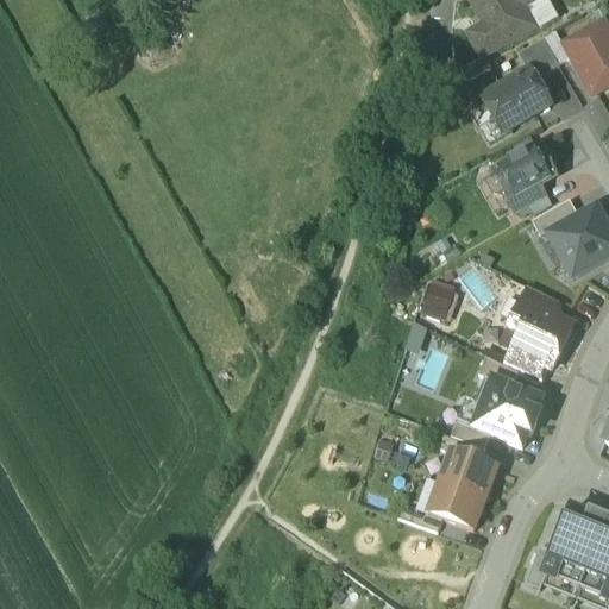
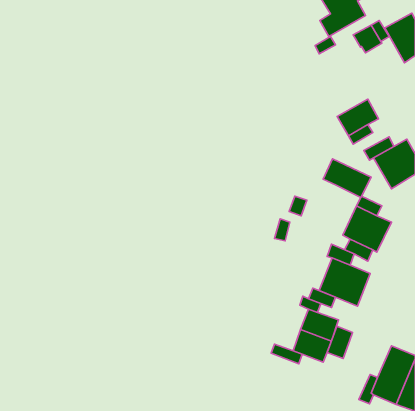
building: [483,68,550,124] -> none
building: none -> [323,159,371,198]
building: none -> [327,326,353,358]

